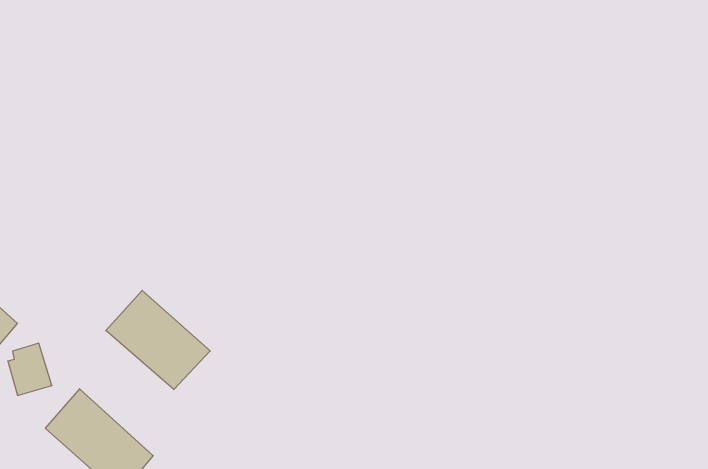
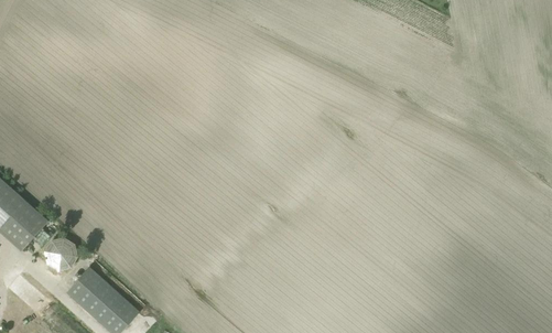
building: [106,290,210,390] -> none

